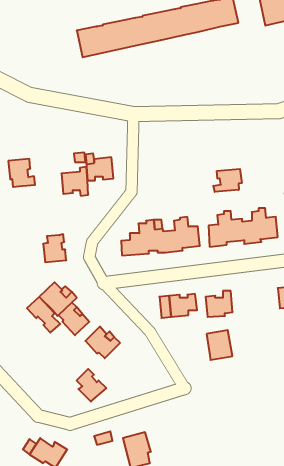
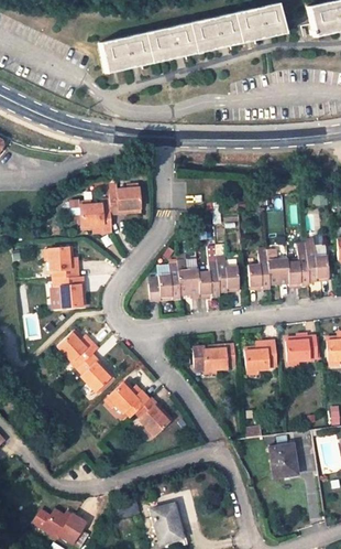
building: [8,159,35,187] -> [47,247,78,279]
building: [213,169,242,192] -> none
building: none -> [286,335,317,362]
building: [27,297,60,333] -> none
building: [207,330,232,360] -> [268,443,298,477]
building: [77,369,106,402] -> [138,397,172,434]

